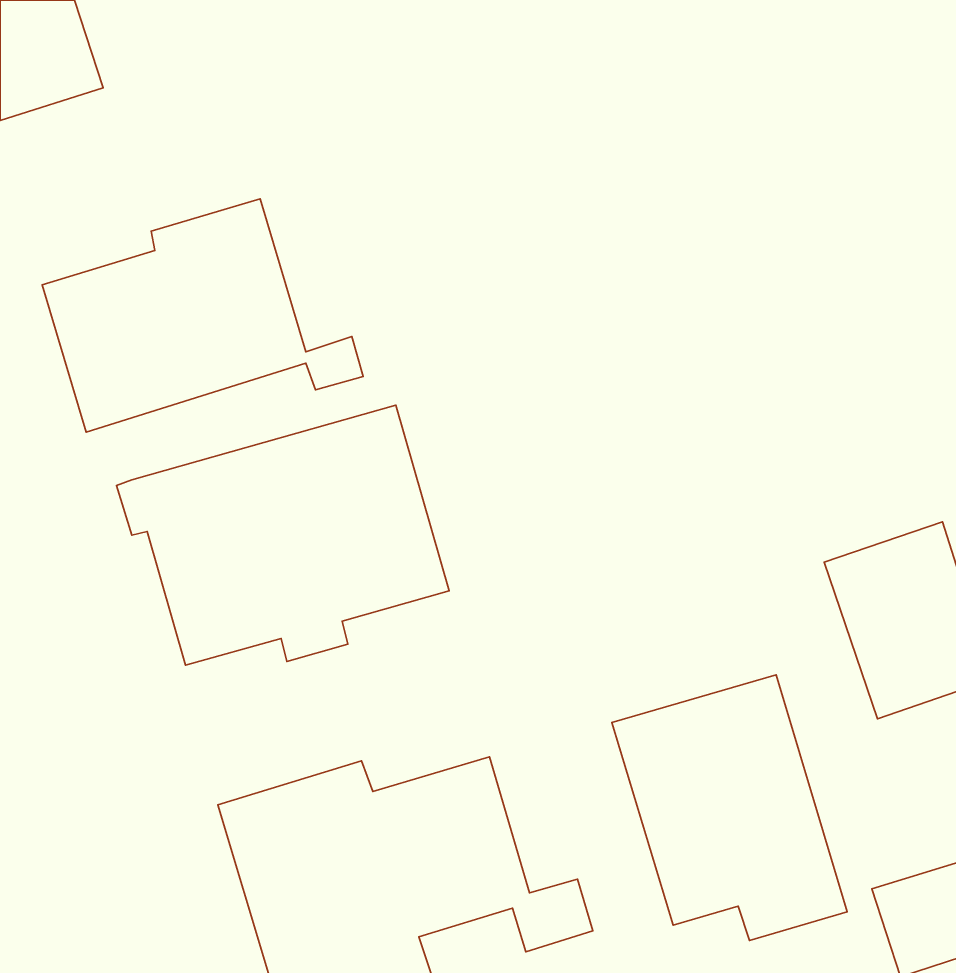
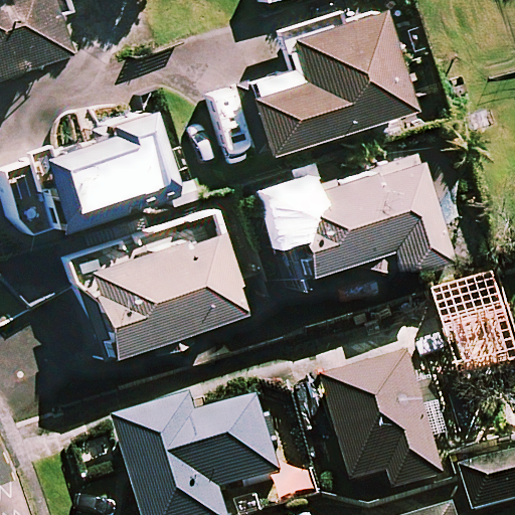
building: none -> [243,7,411,153]
building: none -> [278,153,450,277]

